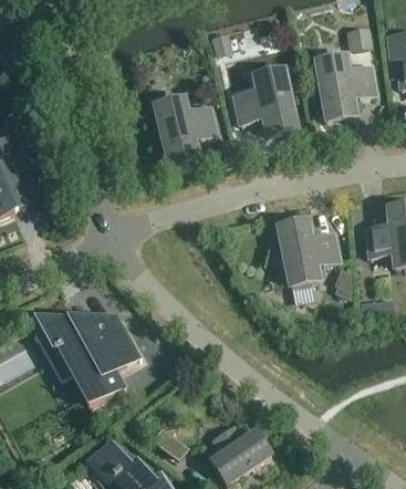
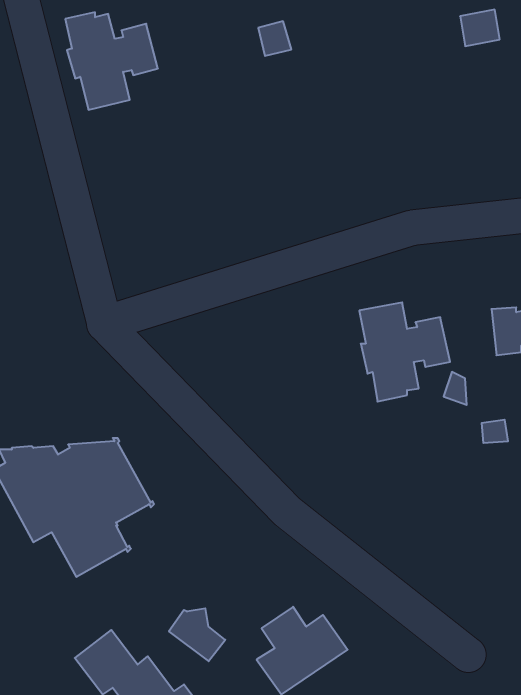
building: [316,53,376,118] -> none
building: [235,65,295,133] -> none
building: [155,96,217,162] -> [65,12,158,110]

